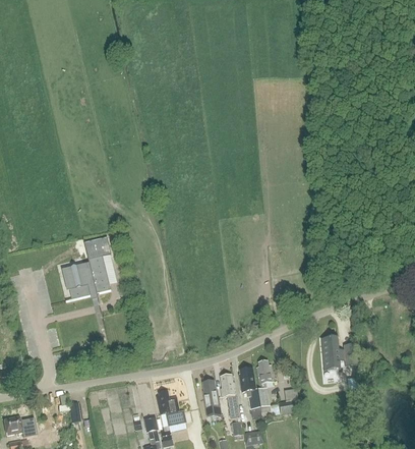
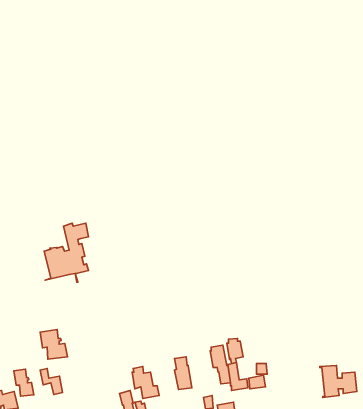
building: [320,336,359,370] -> [320,366,357,397]
building: none -> [40,329,68,359]
building: [220,374,239,417] -> none
building: none -> [14,369,34,396]

